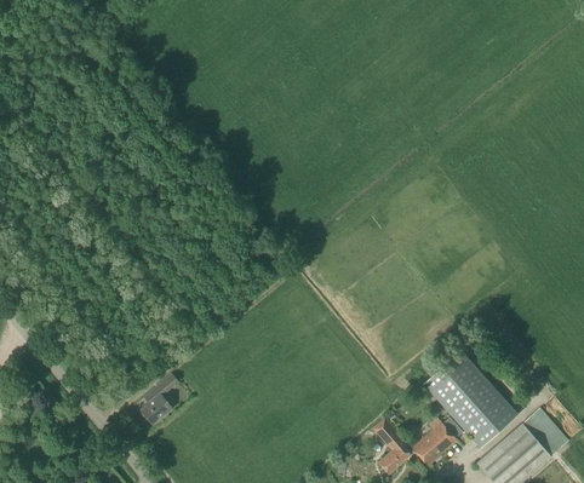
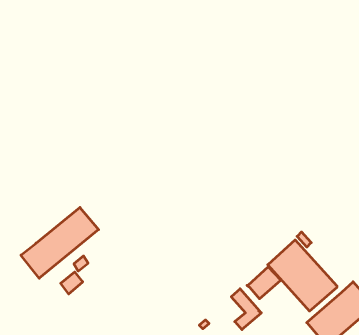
building: none -> [21,207,99,278]
building: [411,421,457,465] -> [247,267,281,299]

